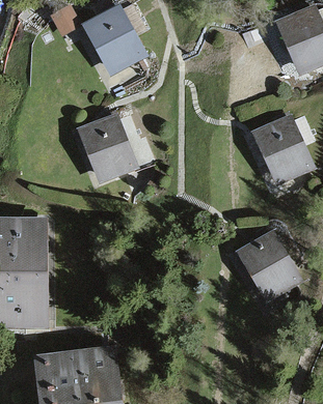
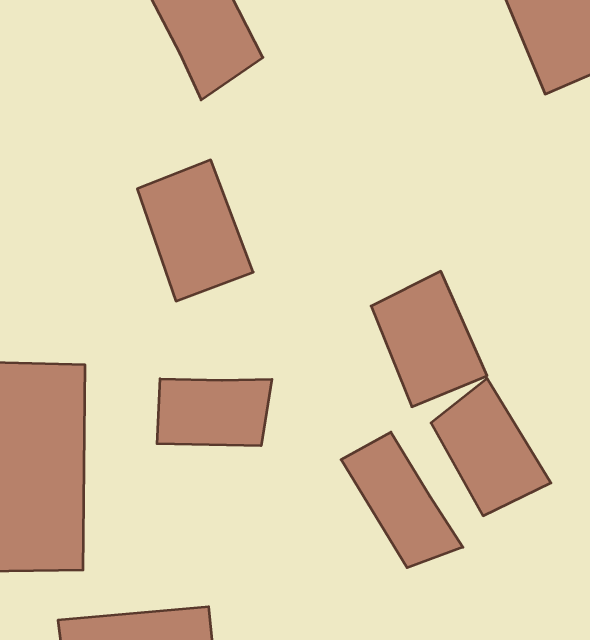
building: [251,112,314,184] -> [371,271,487,407]
building: none -> [157,379,272,446]
building: none -> [341,432,463,568]

